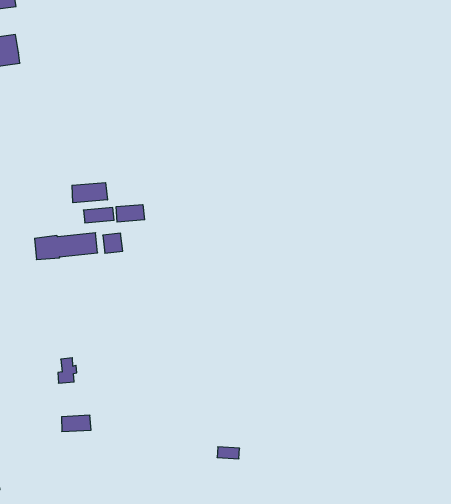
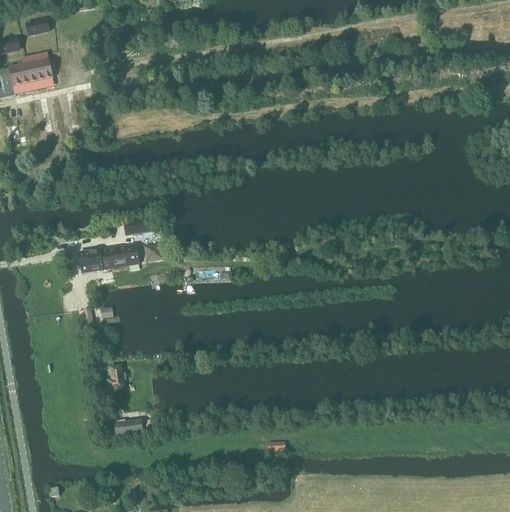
building: [72,183,107,203] -> none
building: [116,205,145,222] -> none

